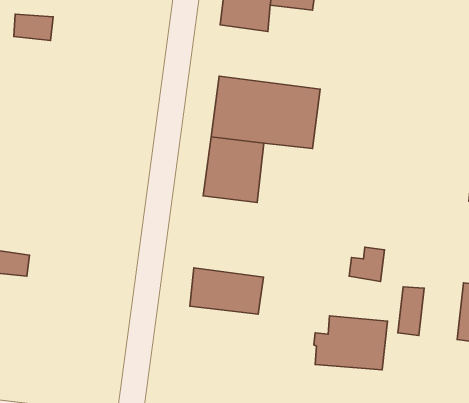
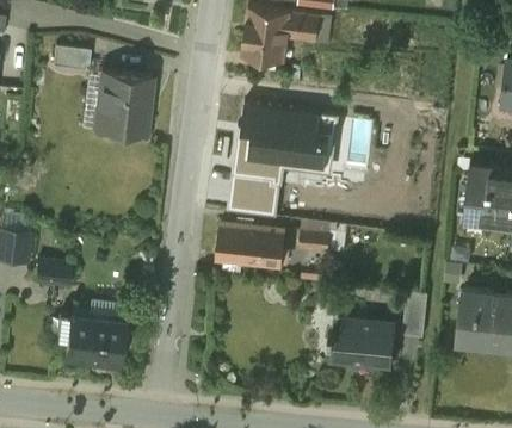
building: none -> [99,72,153,135]
building: [349,247,385,281] -> [298,224,331,255]
building: [190,268,263,314] -> [220,225,286,267]
building: none -> [57,308,125,370]

